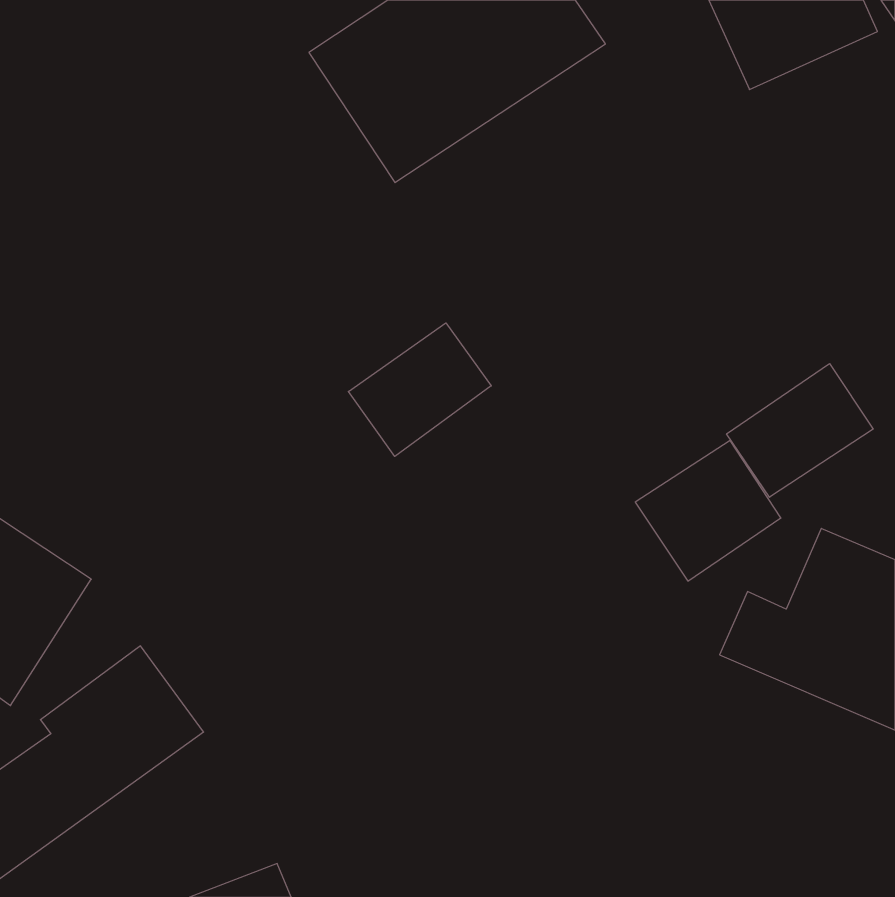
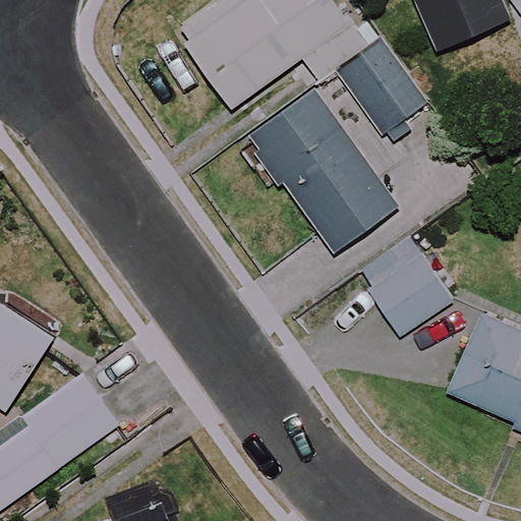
building: none -> [239,38,425,252]
building: [348,323,491,456] -> none
building: [727,364,873,497] -> none

